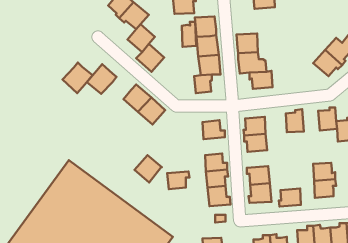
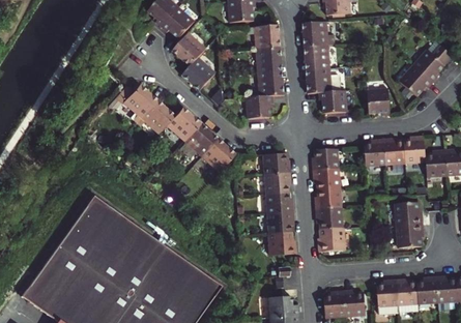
building: none -> [301,22,328,47]
building: [182,22,196,47] -> none
building: [63,62,92,93] -> [139,98,175,136]
building: none -> [367,89,391,116]
building: none -> [383,138,405,165]
building: [135,155,162,182] -> [201,139,234,172]
building: [167,171,189,189] -> [263,172,290,194]
building: [279,189,301,206] -> [315,187,342,209]

